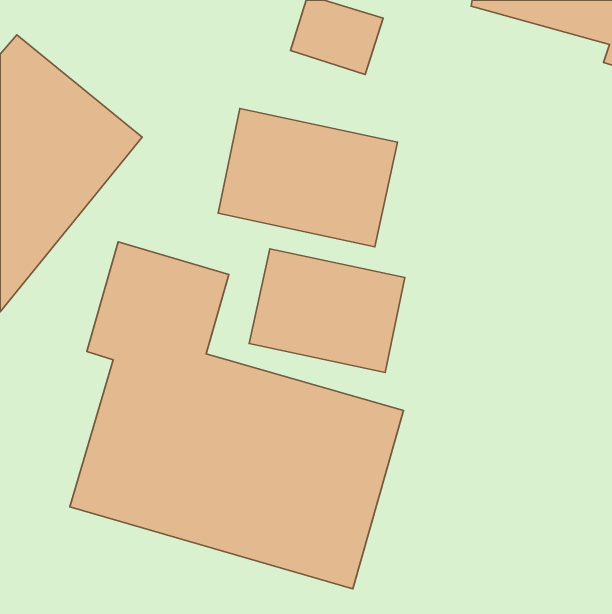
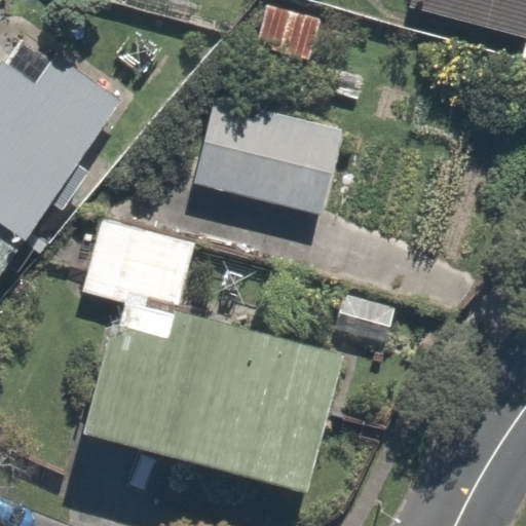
building: [249,249,405,372] -> none

